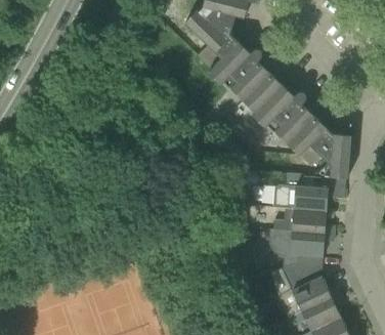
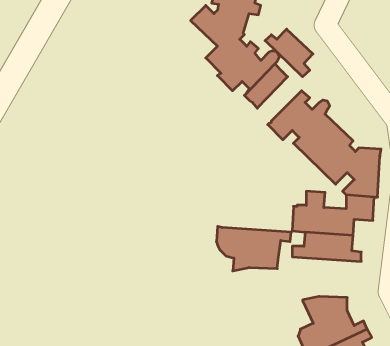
building: none -> [265,29,313,77]
building: [268,228,334,267] -> [216,226,291,271]

